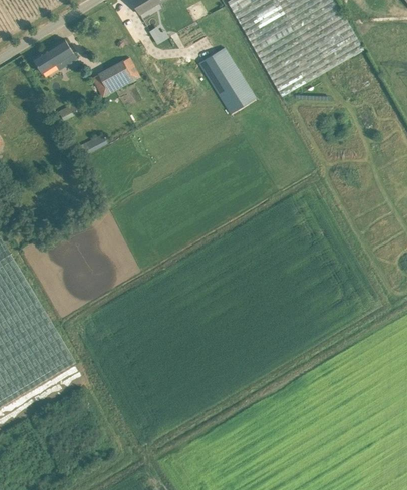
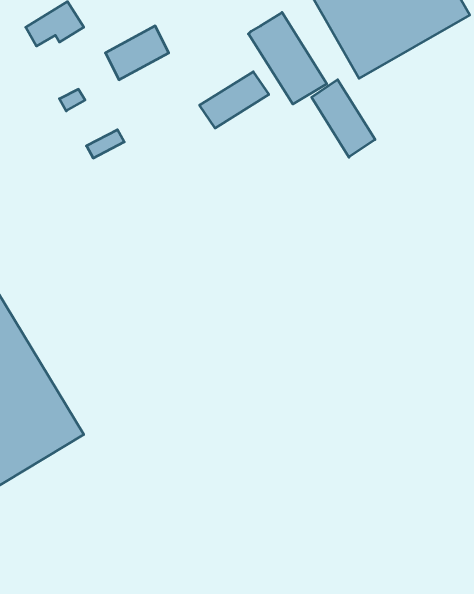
building: none -> [200,72,269,128]
building: none -> [312,80,375,157]

